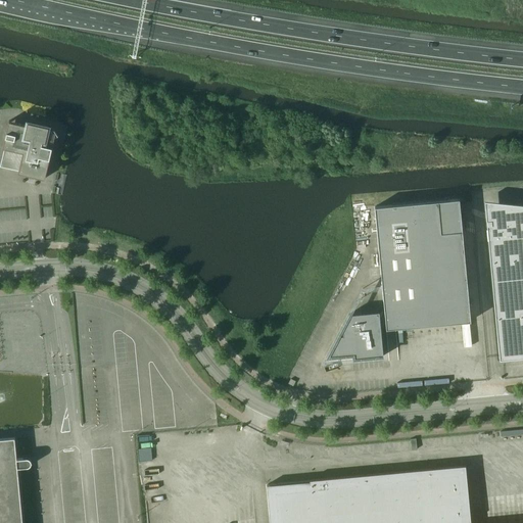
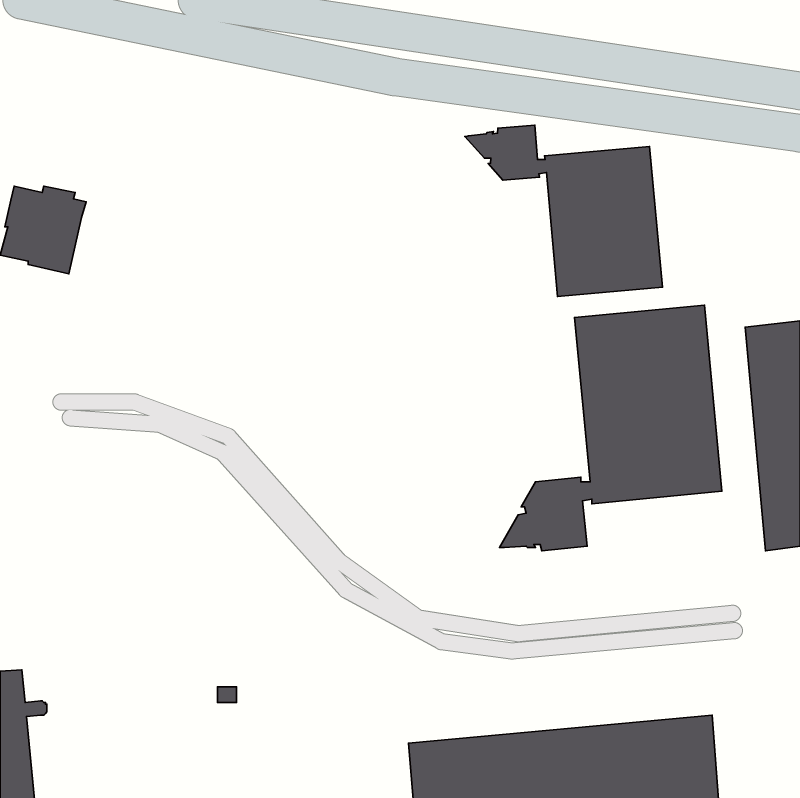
building: none -> [465,125,663,296]

